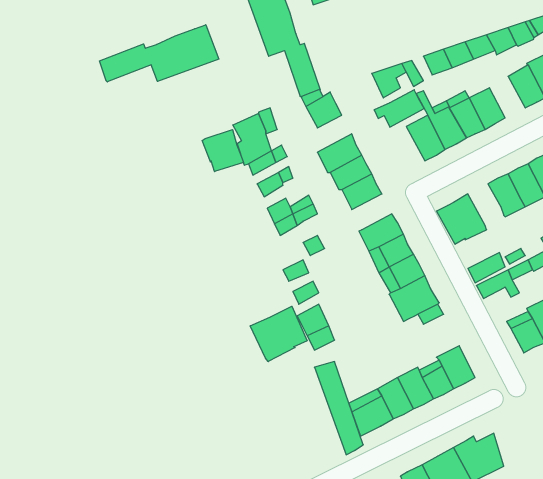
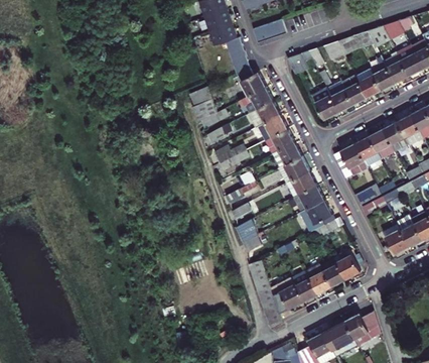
building: none -> [253,18,287,42]
building: [99,25,219,82] -> none
building: none -> [370,54,395,89]
building: [374,90,424,127] -> [238,87,273,113]
building: [202,130,243,172] -> none
building: none -> [354,135,380,164]
building: none -> [273,142,301,167]
building: [250,306,307,362] -> none

